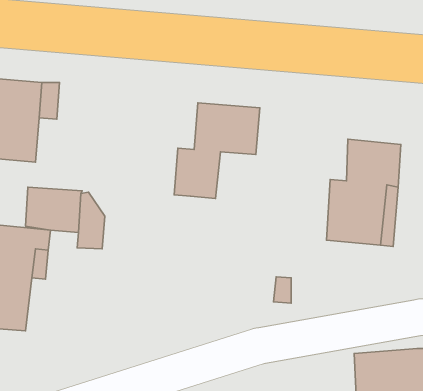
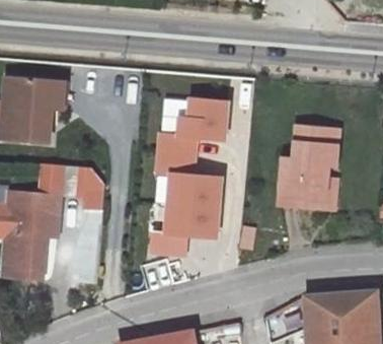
building: none -> [153,170,222,252]

